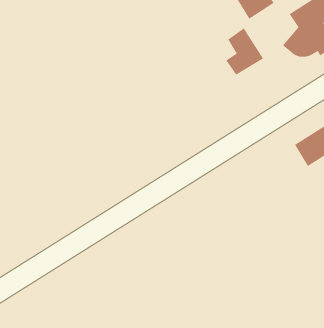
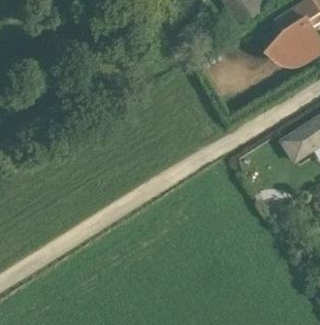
building: [226,27,264,76] -> none

